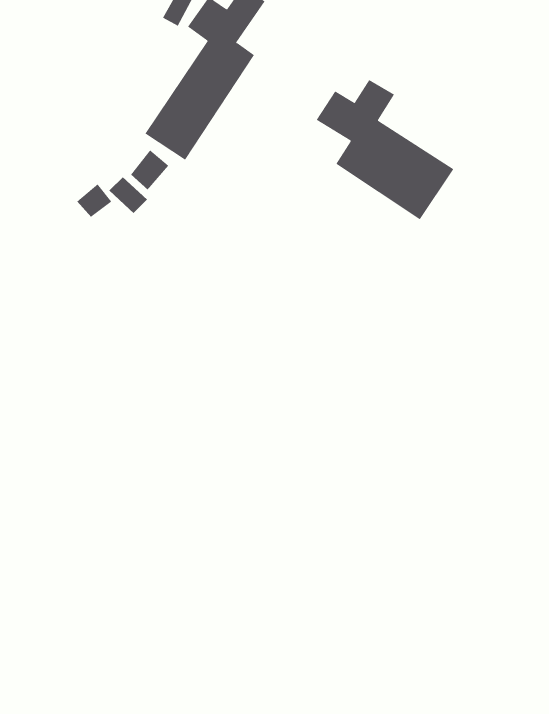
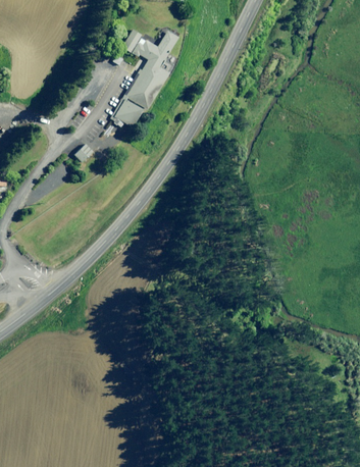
building: [316,79,454,220] -> none

